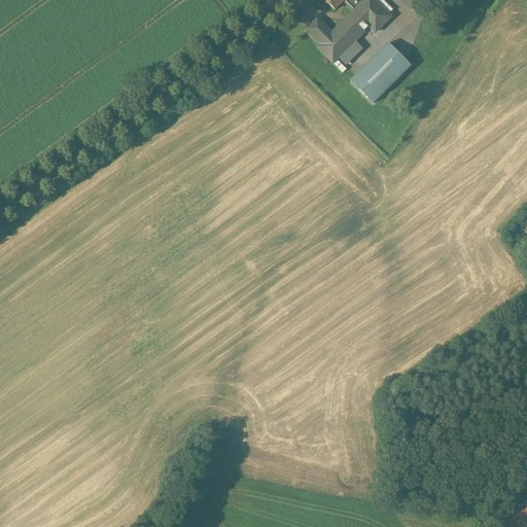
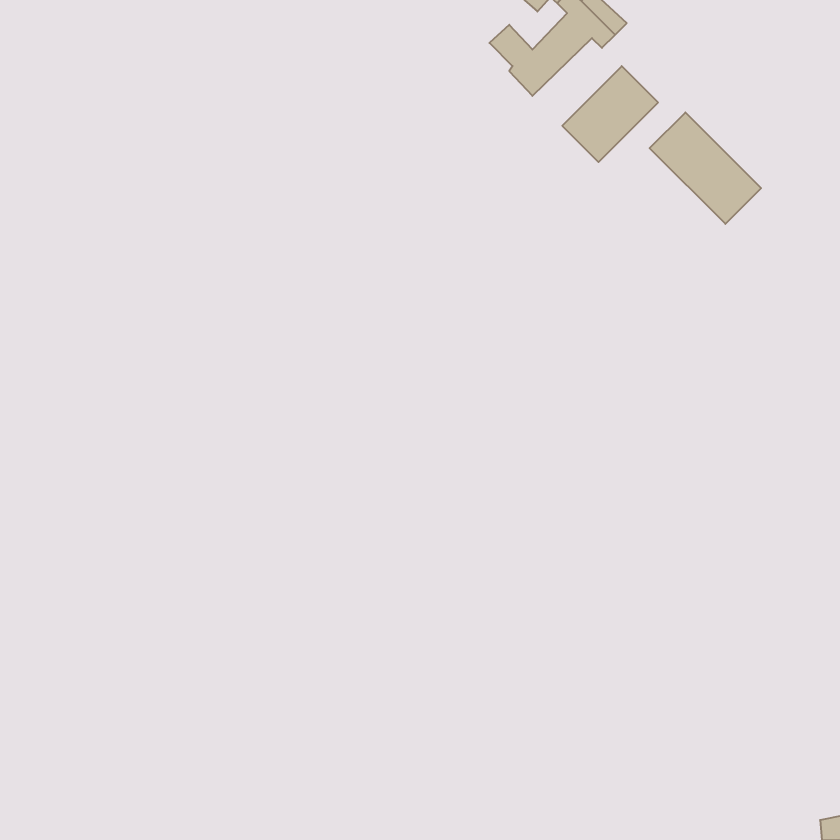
building: none -> [650,112,761,224]

